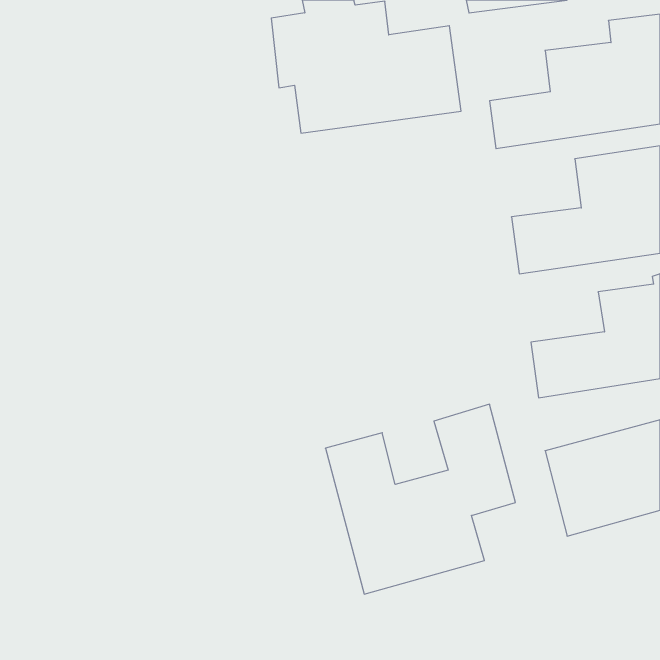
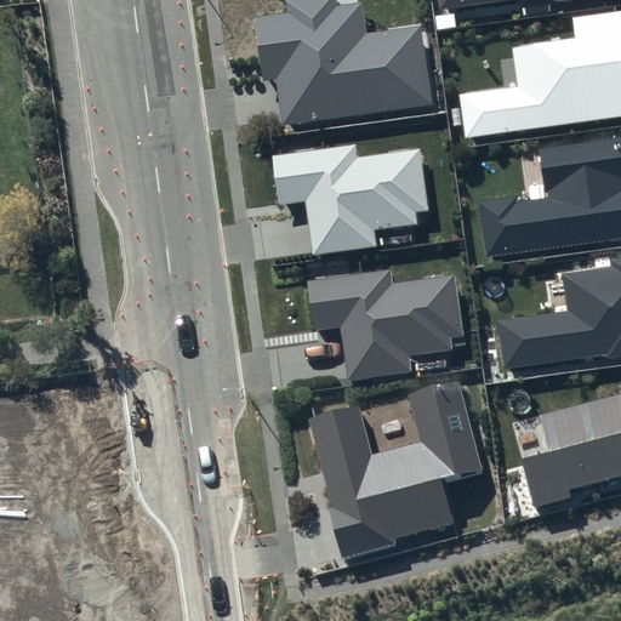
building: none -> [272,144,431,253]
building: none -> [307,269,463,380]

